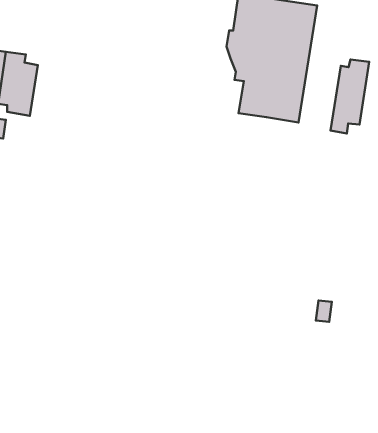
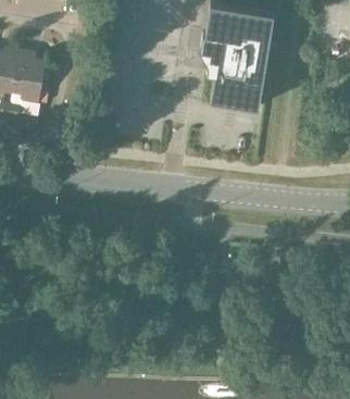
building: [330,59,369,134] -> none

